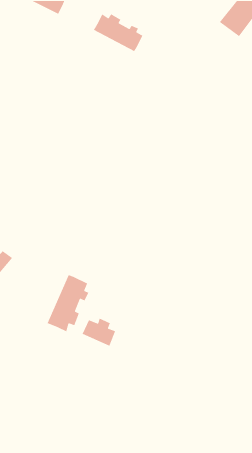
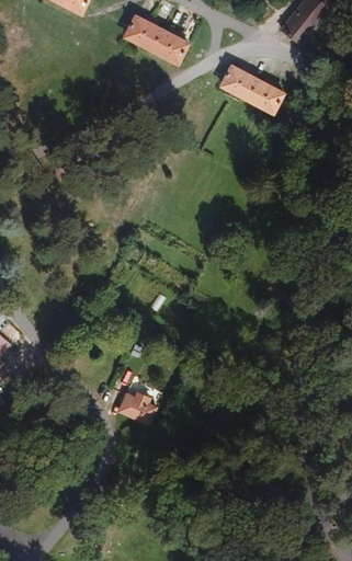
building: none -> [223,67,284,115]
building: [47,274,89,332] -> none

